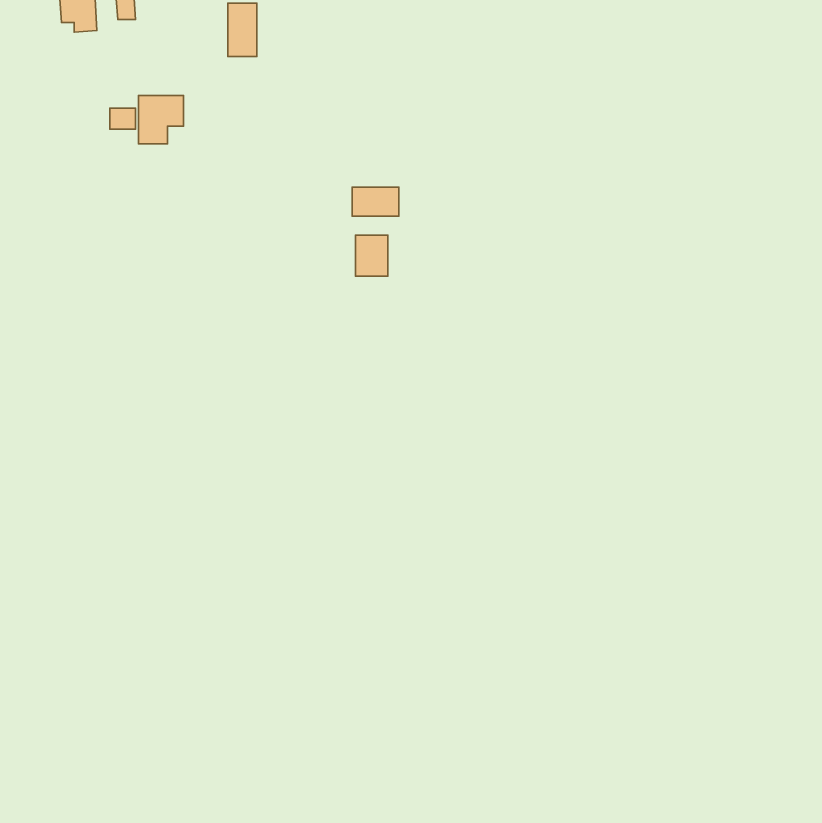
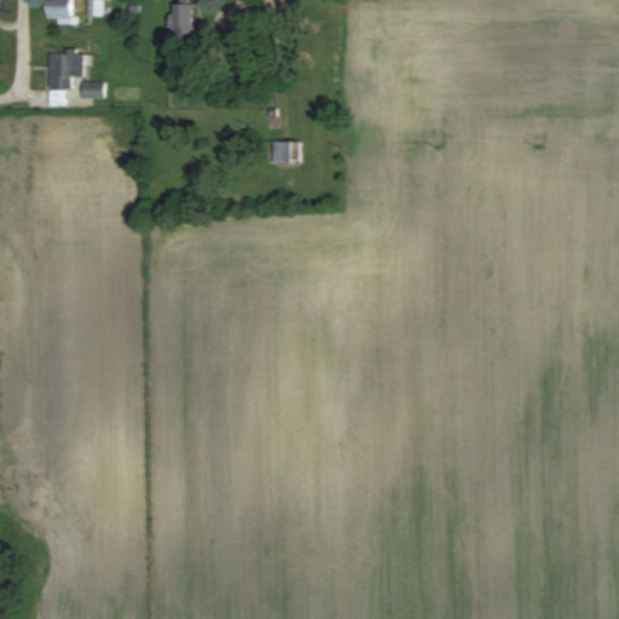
building: [138,95,184,144] -> [48,52,82,88]
building: [355,235,388,276] -> none

